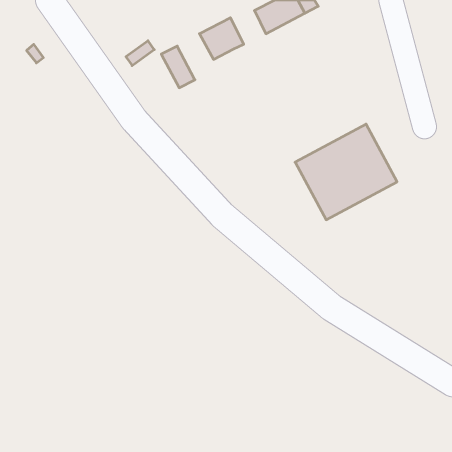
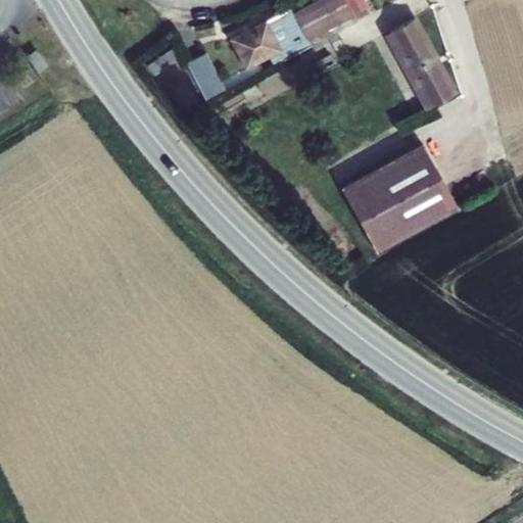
building: none -> [267,9,312,65]
building: none -> [389,19,455,107]

